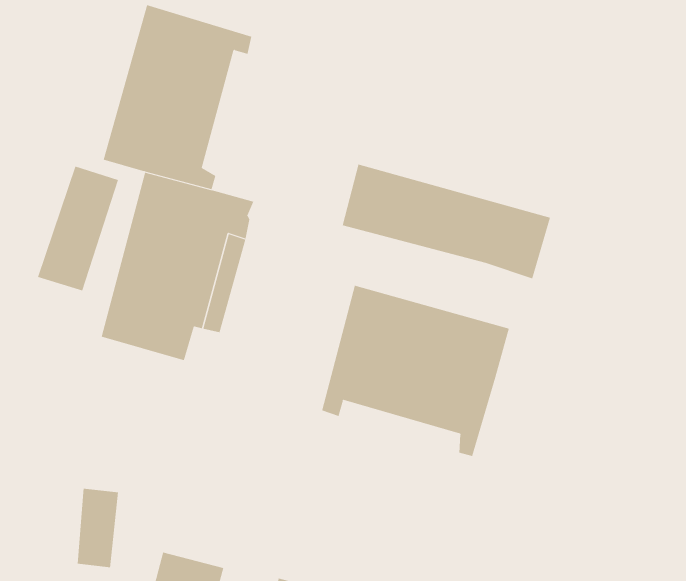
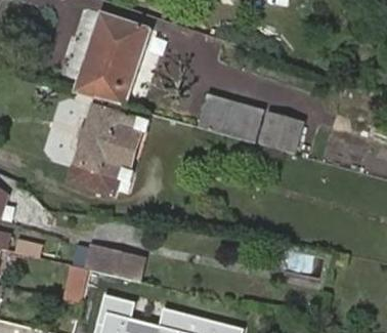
building: [322,285,510,457] -> none
building: none -> [86,245,142,282]

